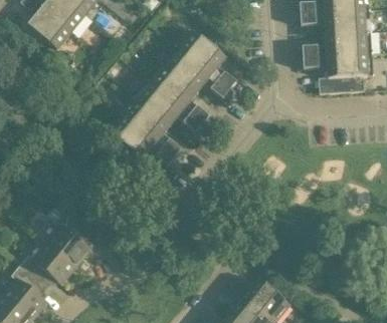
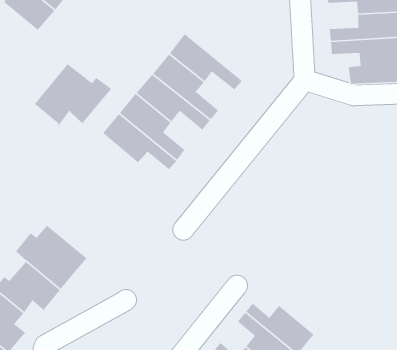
building: [181,33,237,90] -> none
building: none -> [33,63,112,127]

